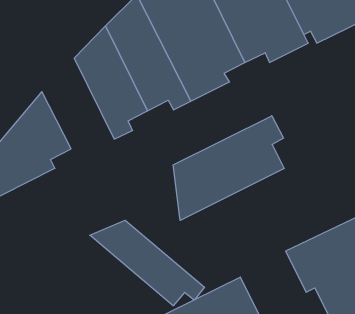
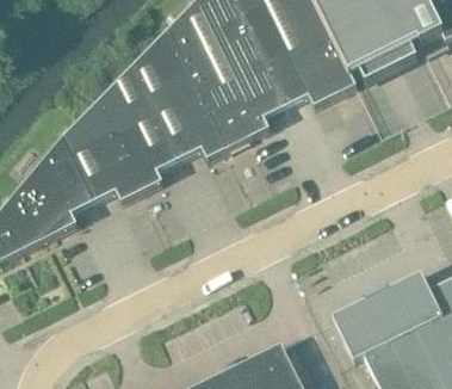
building: none -> [62,101,142,202]
building: [173,116,284,220] -> none
building: [90,220,204,306] -> none

